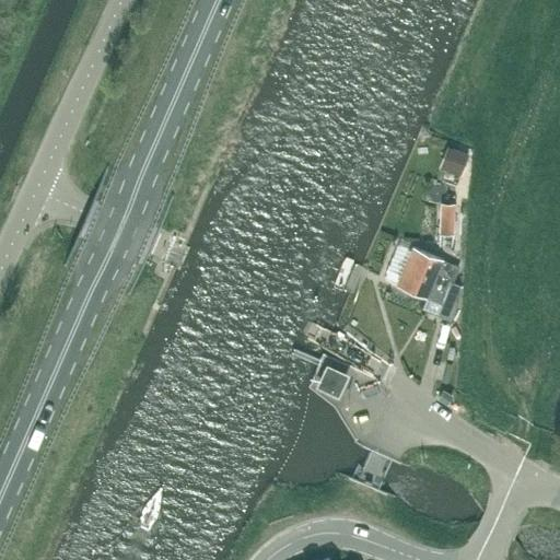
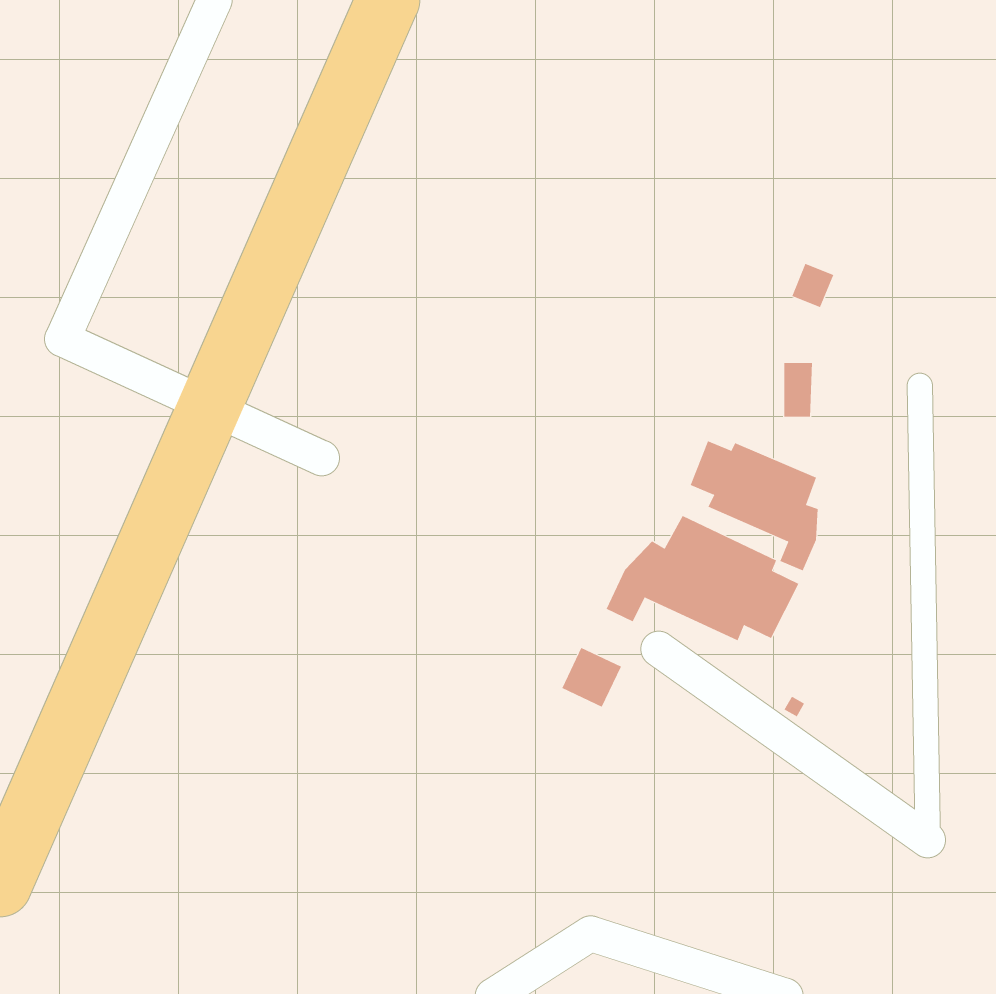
building: none -> [606,515,799,641]

